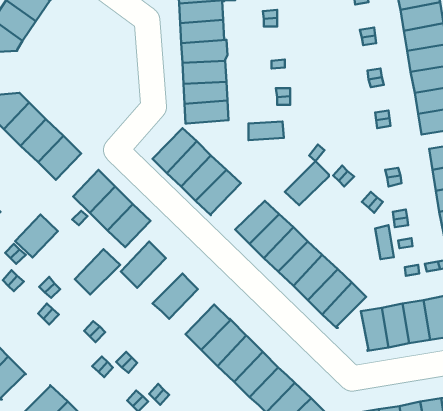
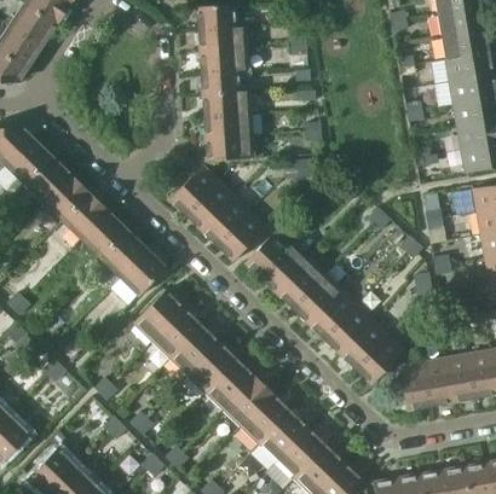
building: [285,161,329,205] -> [244,228,293,277]
building: [15,215,58,258] -> [63,193,110,240]
building: [75,249,120,295] -> [152,308,202,358]
building: none -> [188,342,237,391]

